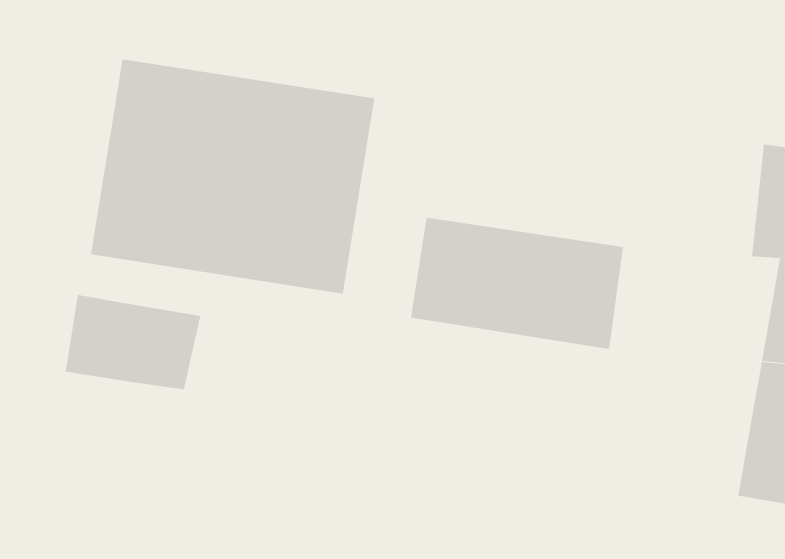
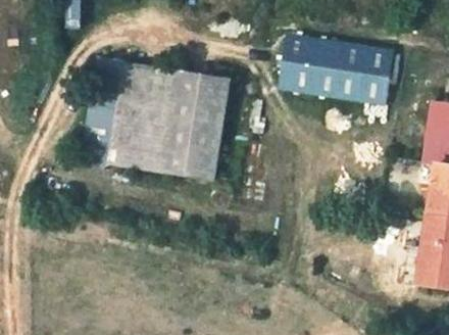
building: [410,217,624,350] -> [273,35,384,103]
building: [65,294,201,390] -> none

